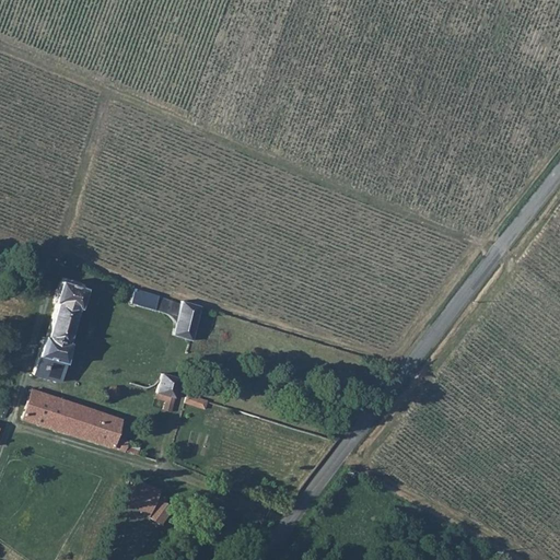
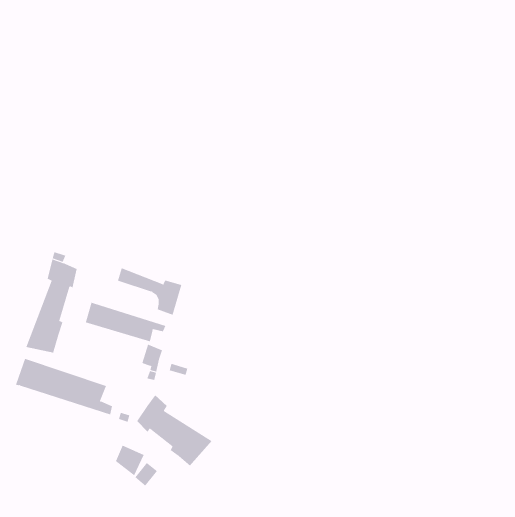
building: none -> [85,302,166,342]
building: none -> [136,395,213,466]

